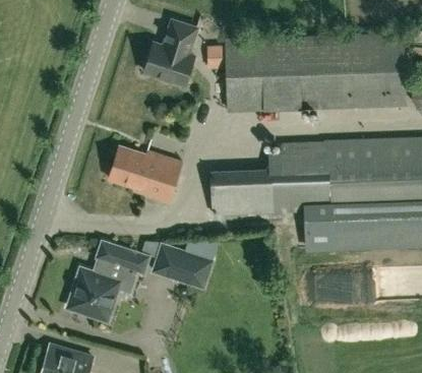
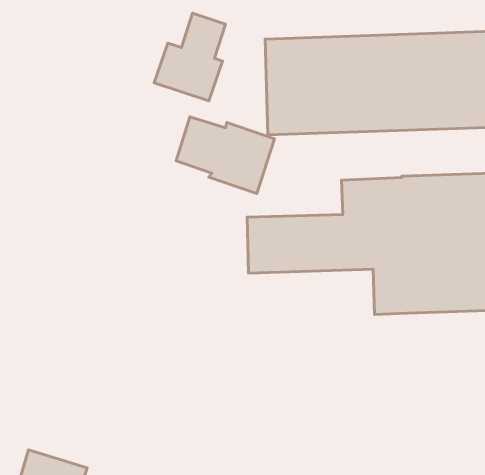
building: [108,146,181,203] -> [176,117,275,194]
building: [69,241,147,318] -> none
building: [153,244,210,288] -> none

